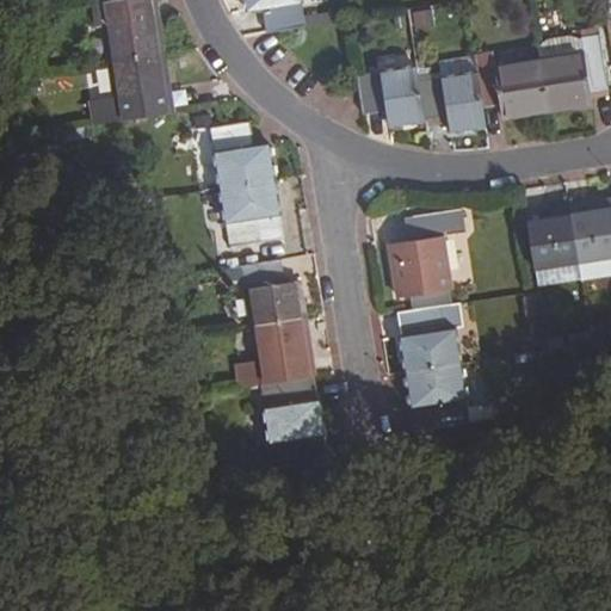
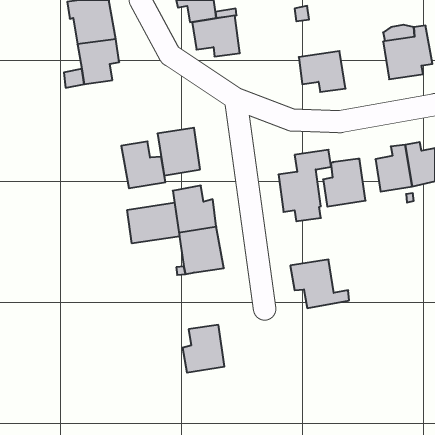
building: [474,53,545,117] -> none
building: [357,66,424,123] -> [192,16,240,56]
building: [210,122,272,187] -> [121,141,165,188]
building: none -> [127,202,179,243]
building: [401,306,461,372] -> [323,159,366,207]
building: [264,376,322,443] -> [183,325,224,373]

